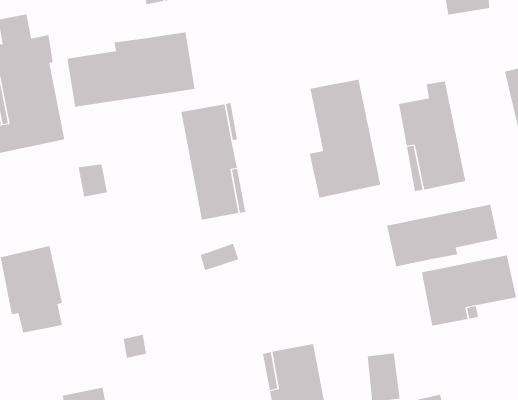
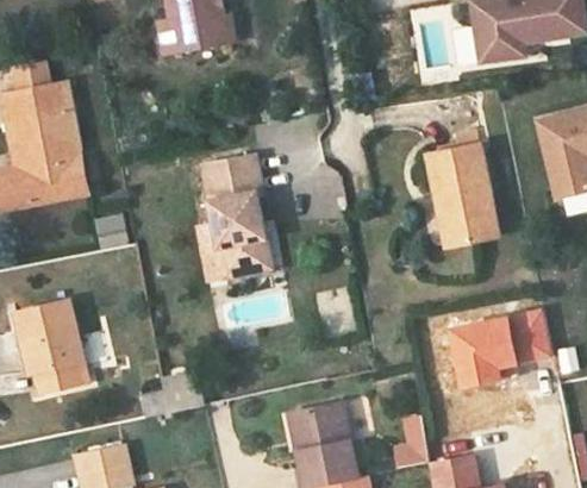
building: [67,31,195,108] -> none
building: [309,79,381,198] -> none
building: [387,204,498,267] -> none

